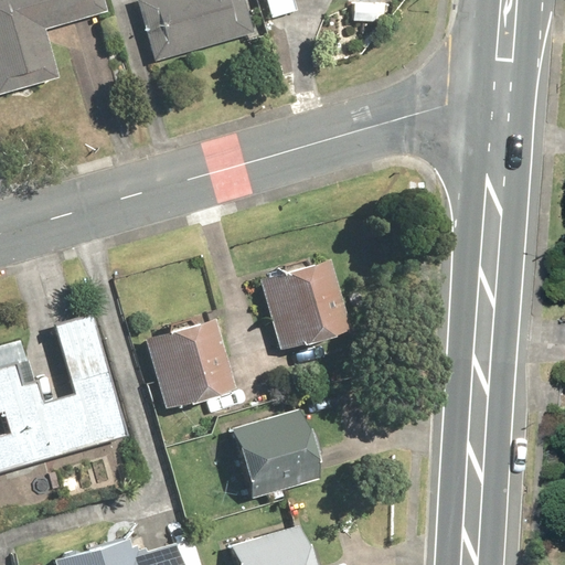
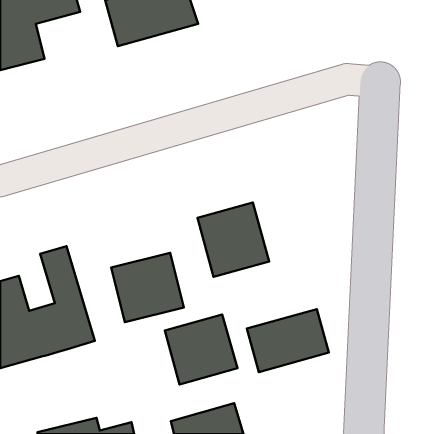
building: none -> [247,309,329,372]

